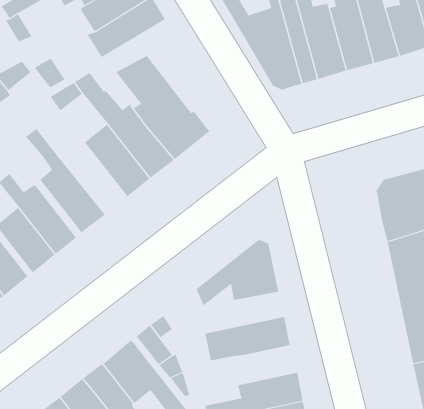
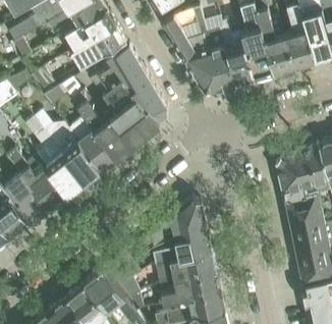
building: none -> [107,45,167,121]
building: none -> [46,125,100,180]
building: none -> [153,235,212,265]
building: none -> [157,273,221,306]

